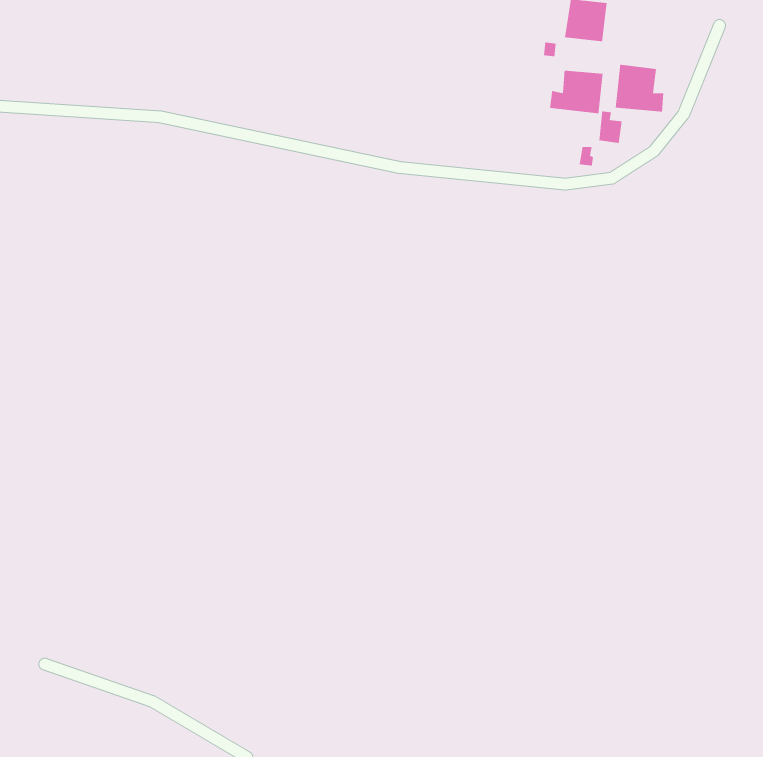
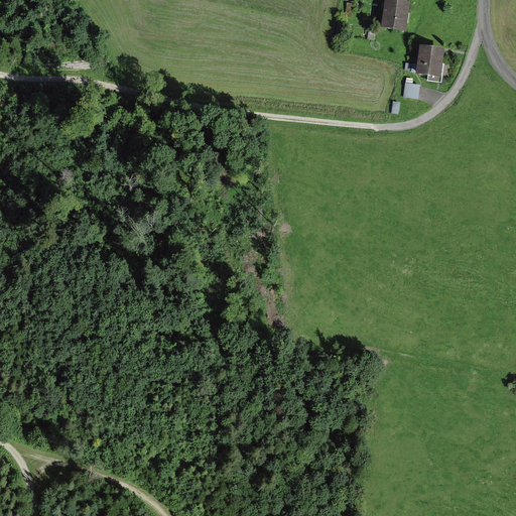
building: [549,70,603,114] -> none

